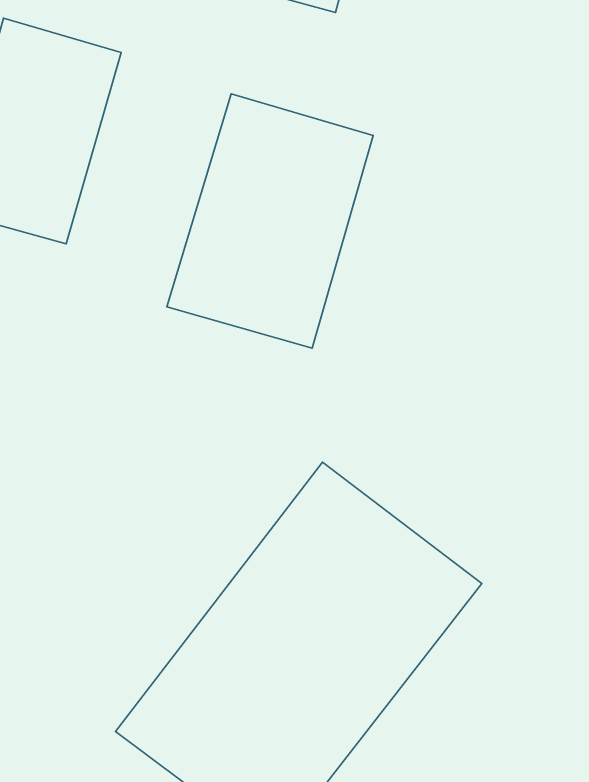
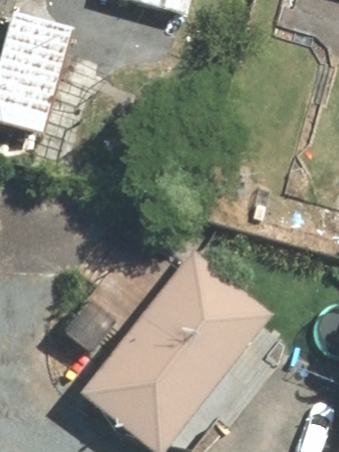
building: [167,94,373,348] -> none

